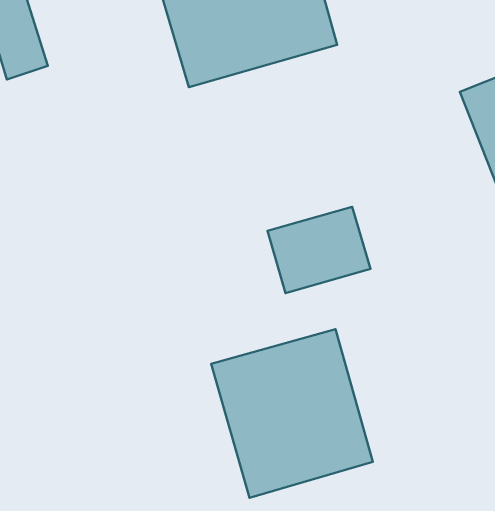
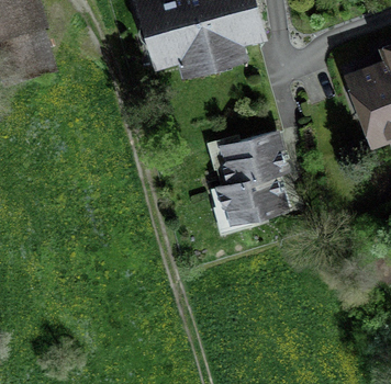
building: none -> [217,123,289,176]
building: [211,329,373,498] -> none

